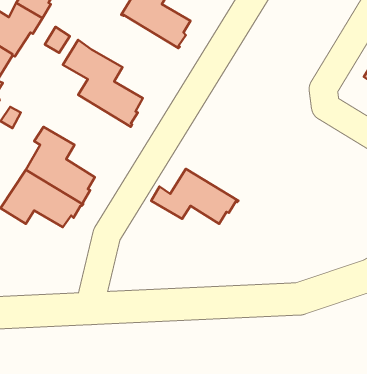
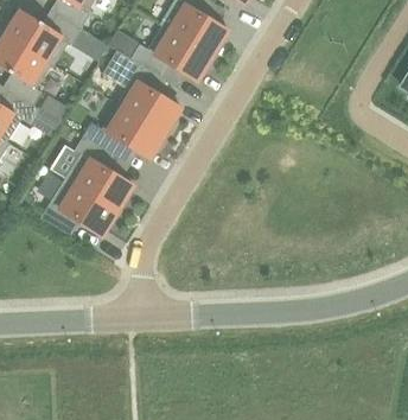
building: none -> [129,23,216,79]
building: [151,169,238,224] -> [82,102,168,157]

